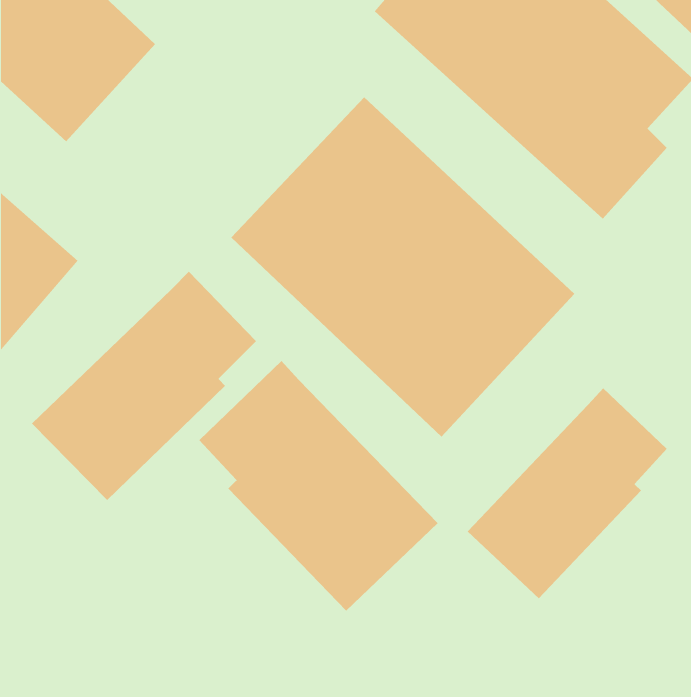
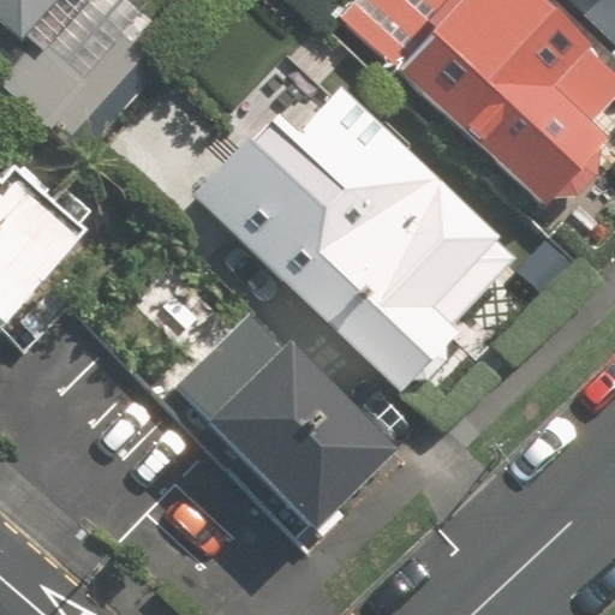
building: [31,271,257,501] -> none
building: [467,388,668,599] -> none

